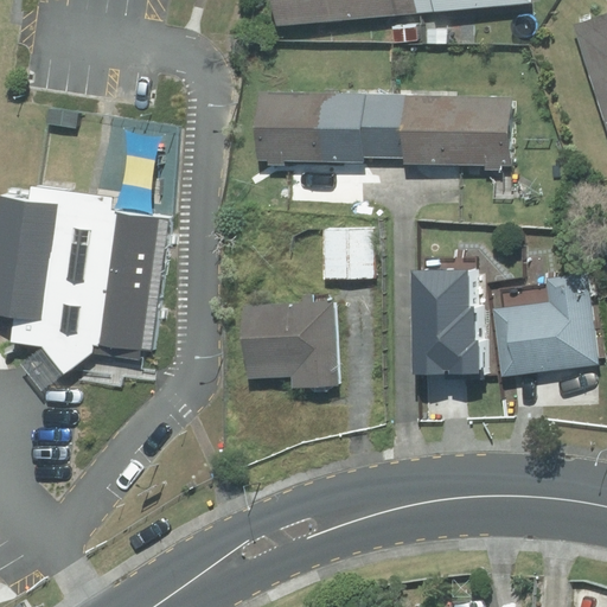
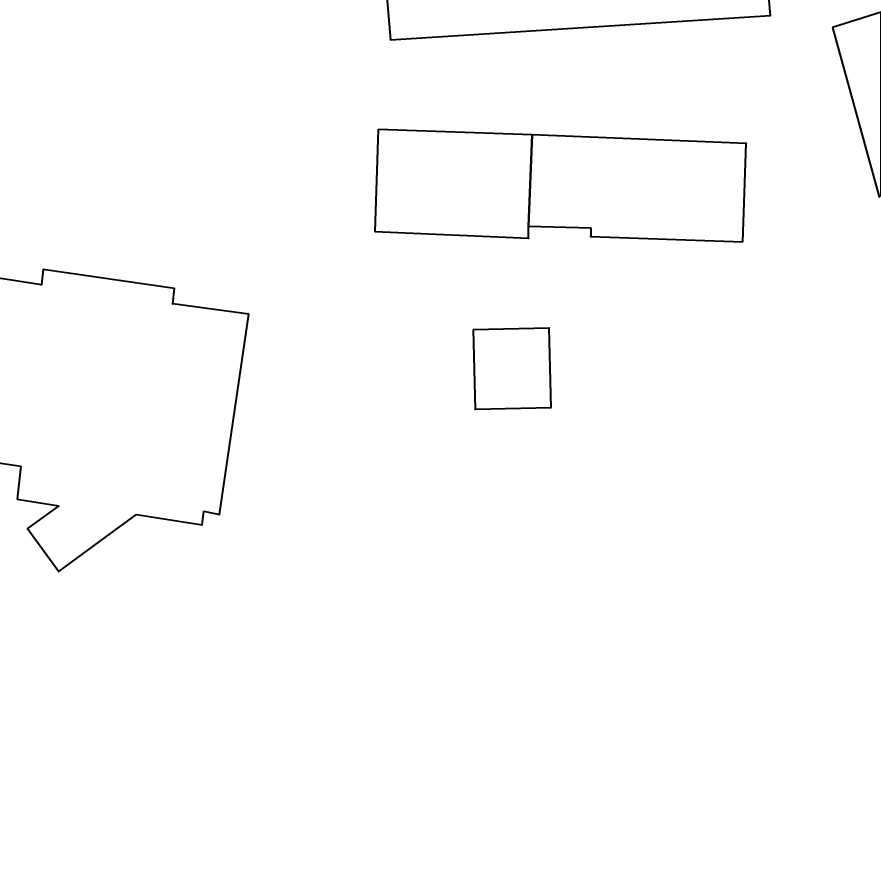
building: [409,263,485,372] -> none
building: [494,269,598,381] -> none
building: [244,298,340,390] -> none

